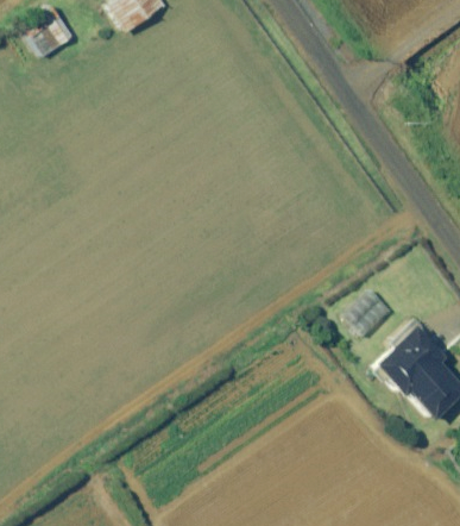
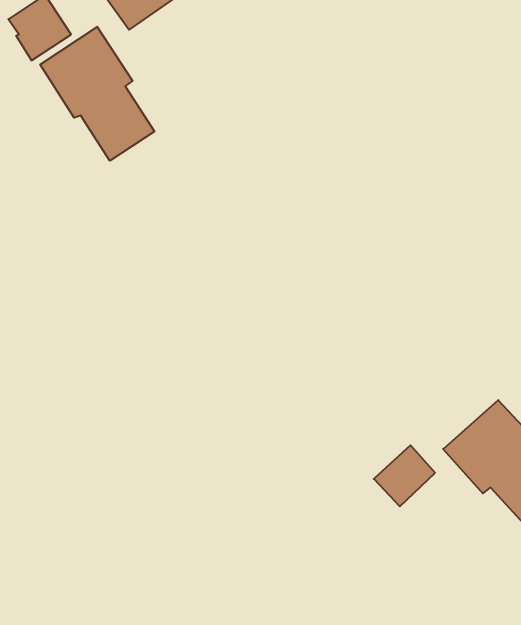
building: none -> [40,27,154,161]
building: [345,287,392,334] -> [374,445,435,506]

